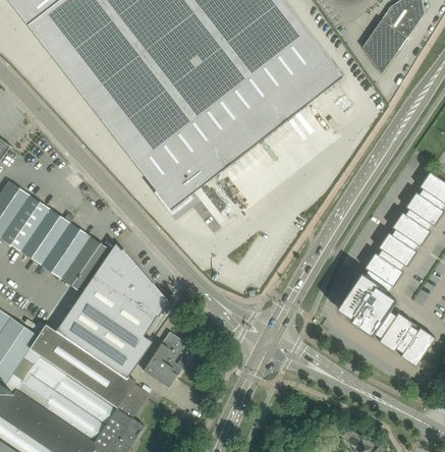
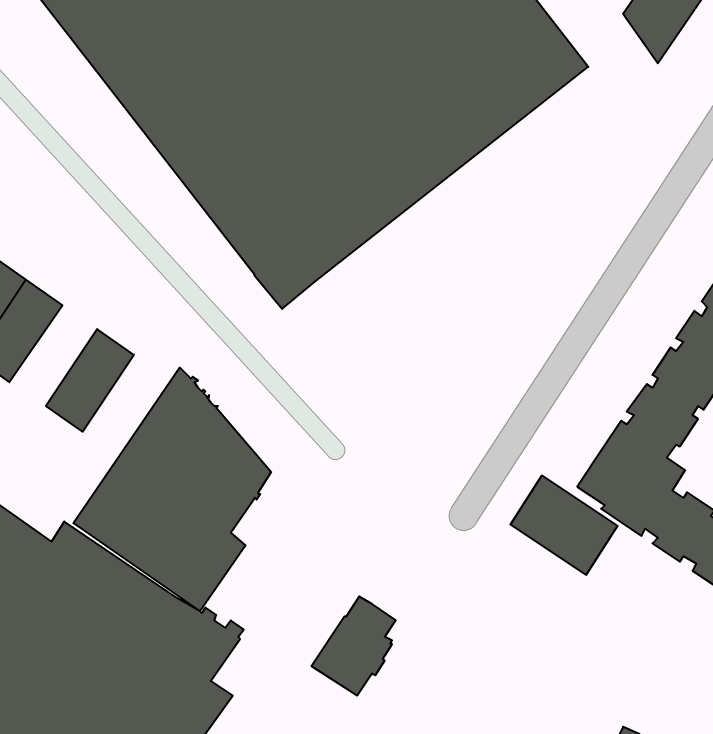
building: [20,208,69,264] -> none
building: [61,235,110,291] -> none
building: none -> [510,475,618,575]
building: [143,331,189,386] -> [311,596,396,695]

